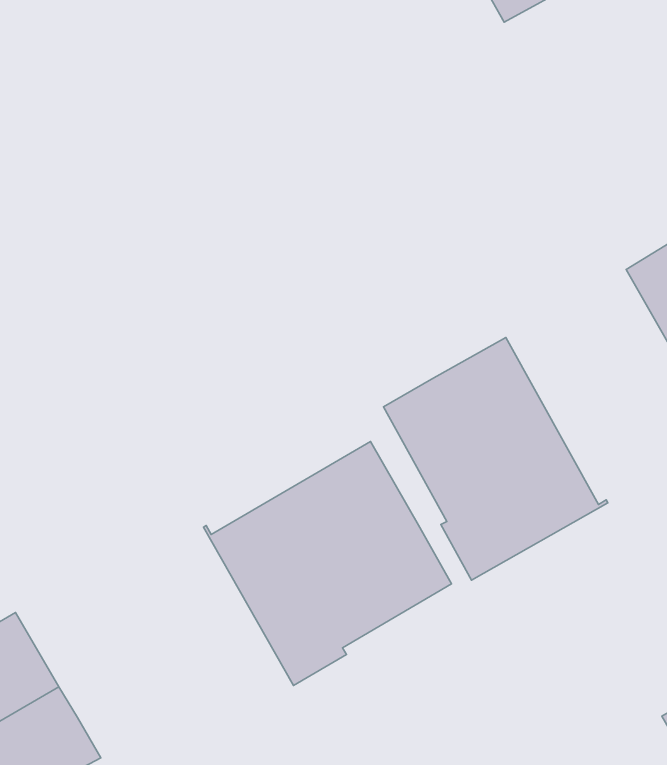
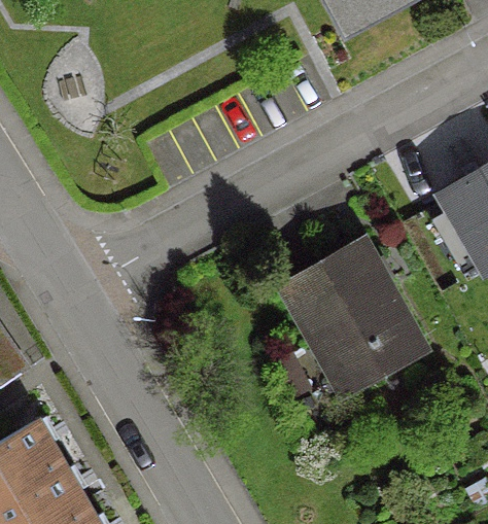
building: [203,442,451,686] -> none

